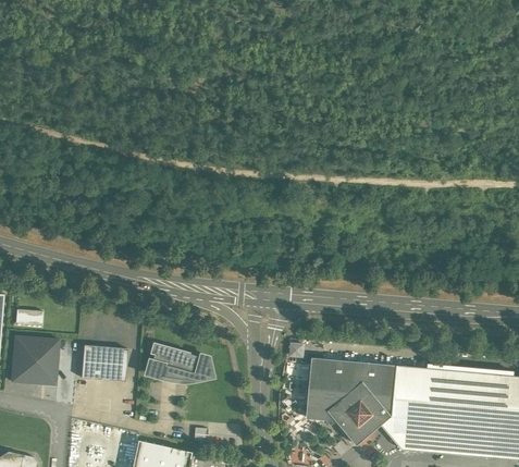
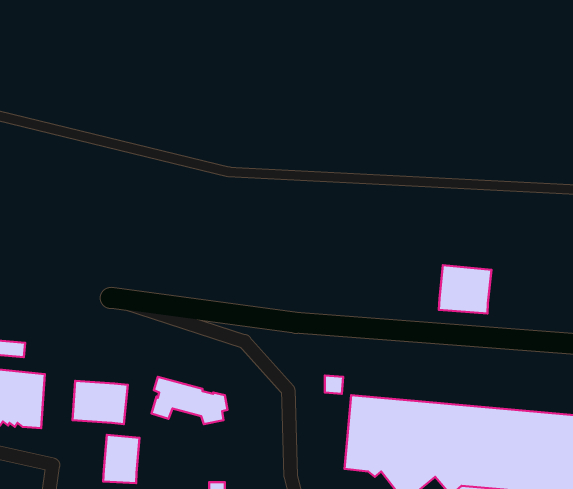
building: none -> [439,265,491,313]
building: none -> [103,435,140,483]

